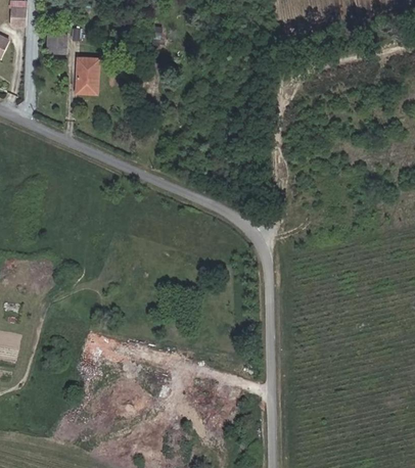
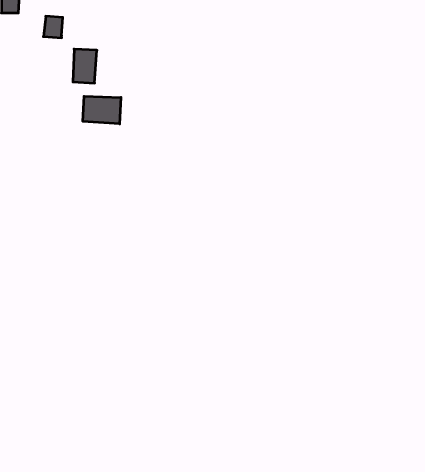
building: none -> [83,96,121,124]

